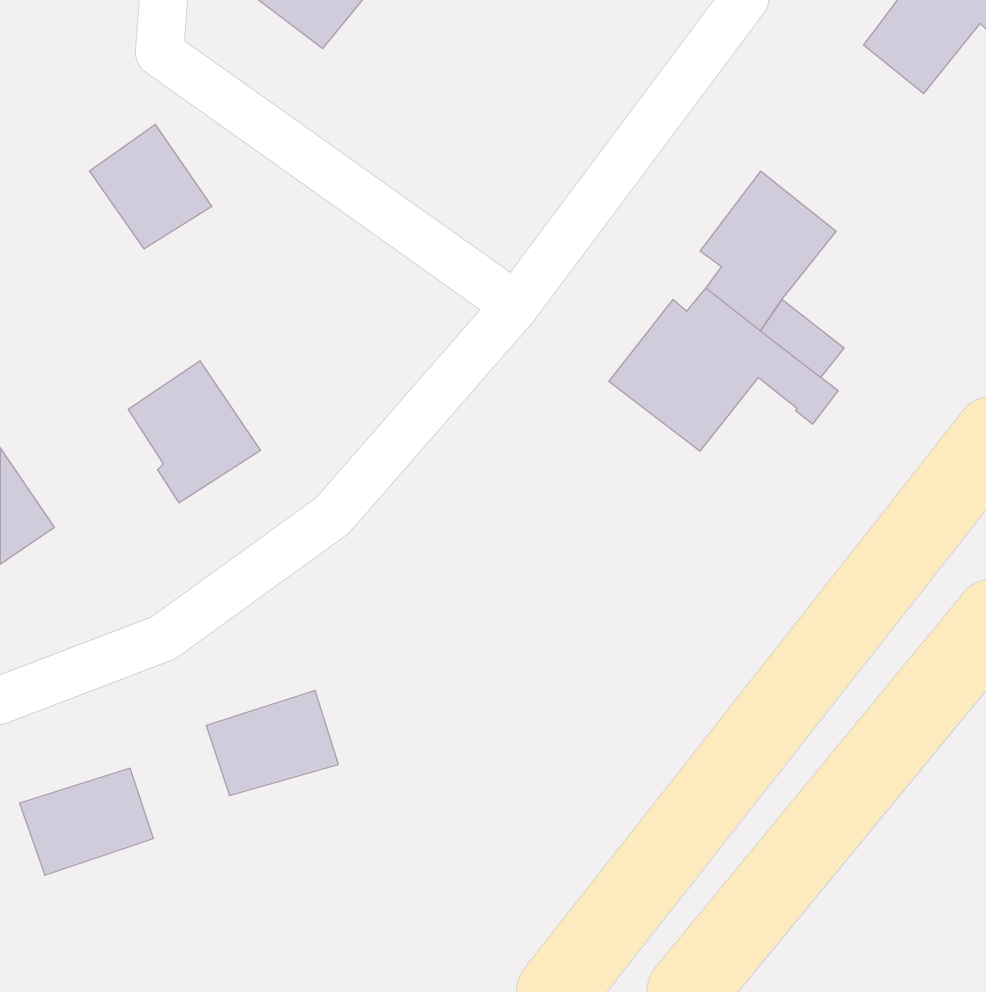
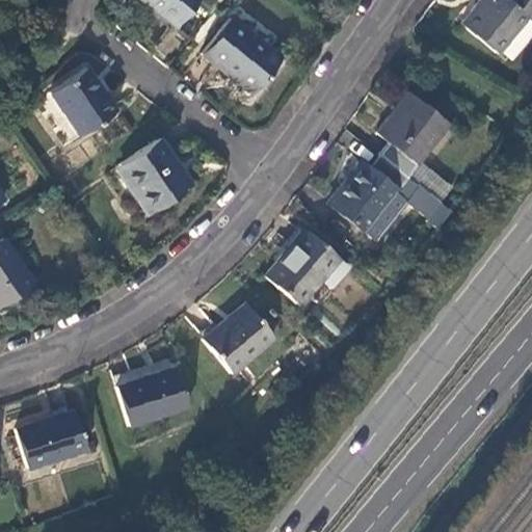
building: none -> [203,17,282,92]
building: [128,361,261,503] -> [122,137,192,213]
building: none -> [265,229,339,304]
building: none -> [204,305,272,373]

